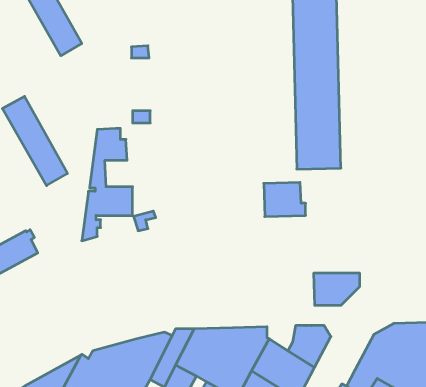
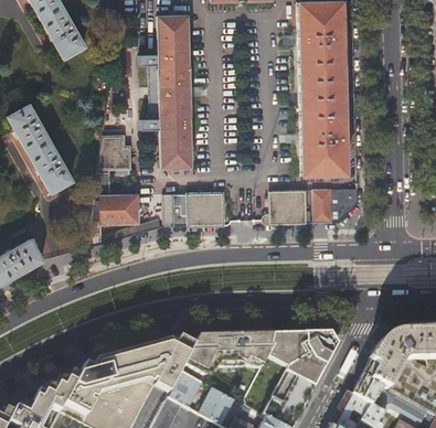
building: none -> [135,15,191,168]
building: none -> [173,192,225,226]
building: [314,273,360,305] -> [313,190,360,222]
building: none -> [273,333,301,359]

